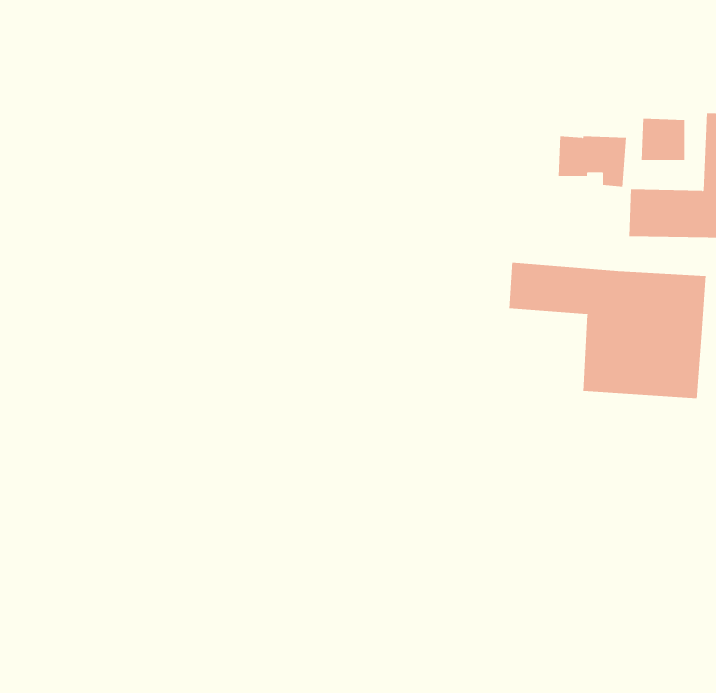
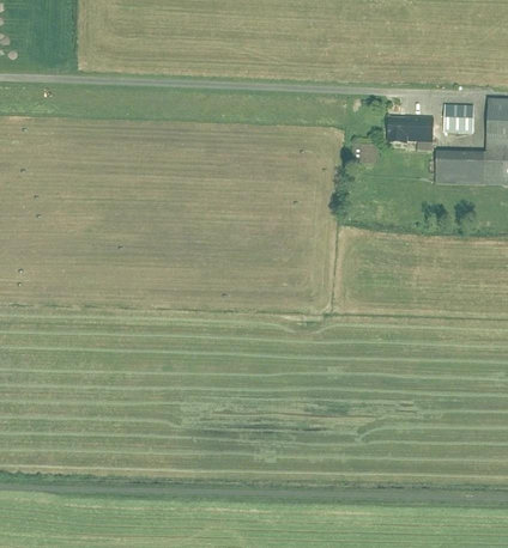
building: [509,262,706,399] -> none

